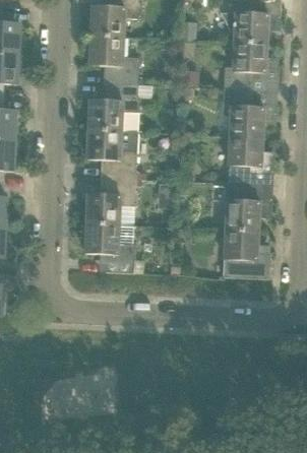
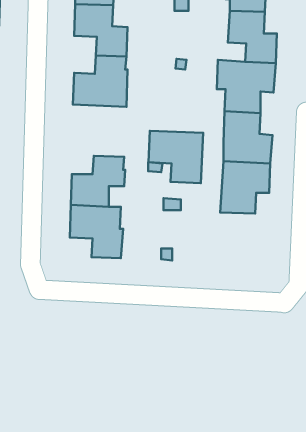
building: [86,128,137,177] -> [149,131,203,183]
building: [223,229,268,277] -> none
building: [39,366,121,420] -> none

